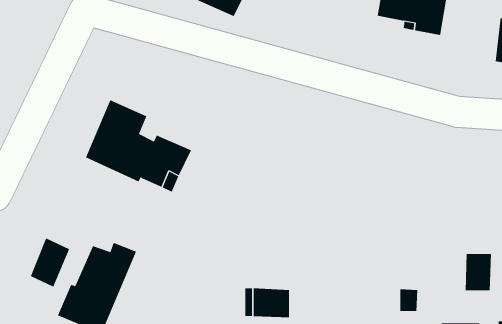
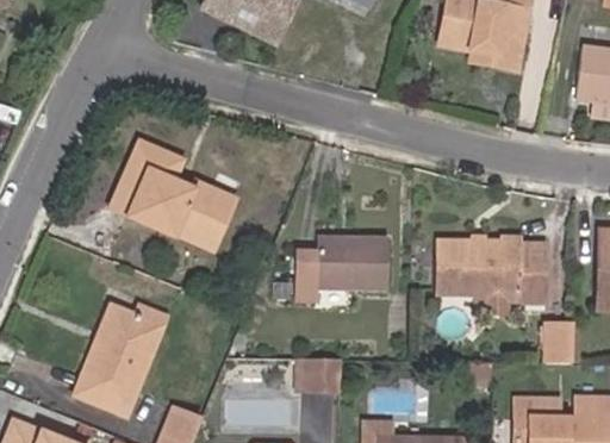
building: none -> [298,236,386,294]
building: none -> [437,241,546,297]
building: [30,237,70,288] -> none

